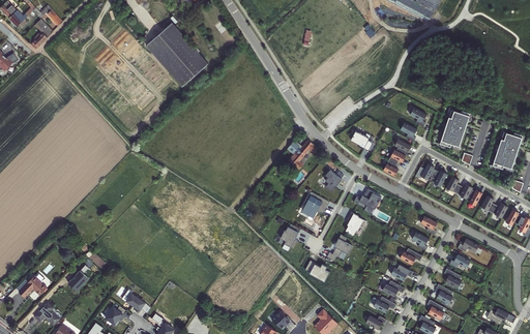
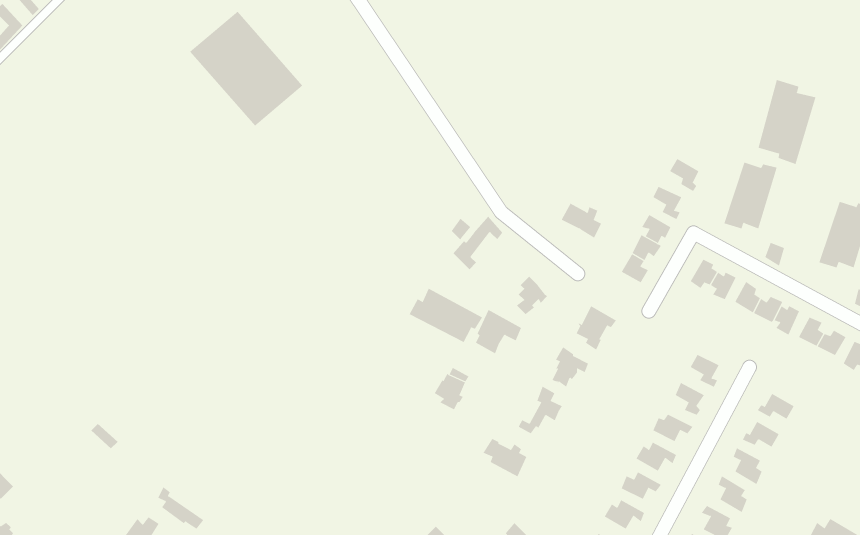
building: none -> [758,79,816,165]
building: none -> [409,288,483,343]

